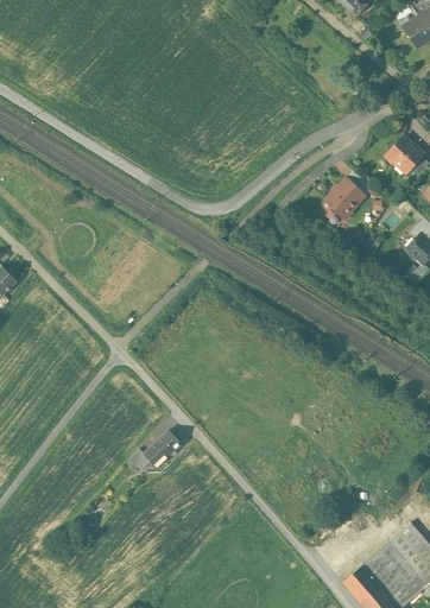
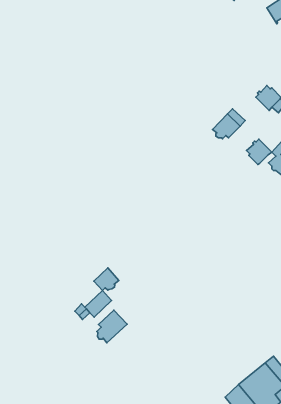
building: none -> [247,139,272,164]
building: none -> [94,268,119,290]
building: none -> [97,310,127,343]

